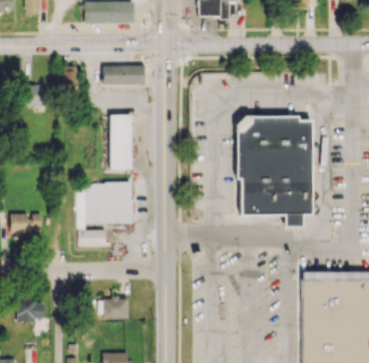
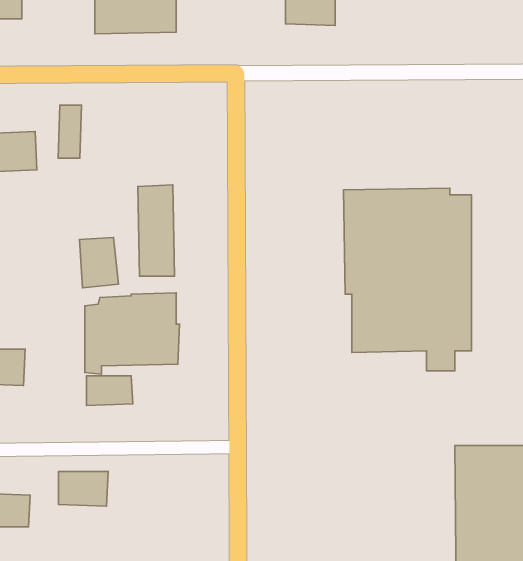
building: [104,65,145,85] -> none
building: none -> [79,238,118,288]
building: [100,298,130,319] -> [58,471,108,506]

